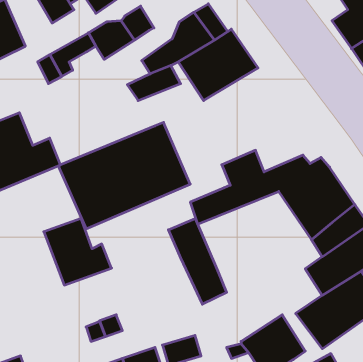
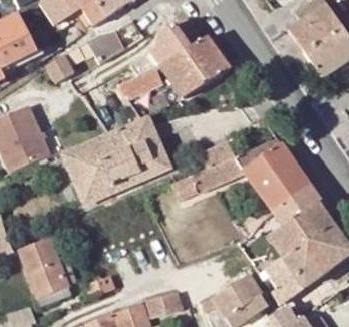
building: [44,219,112,285] -> [21,239,77,294]
building: [168,219,227,304] -> none

